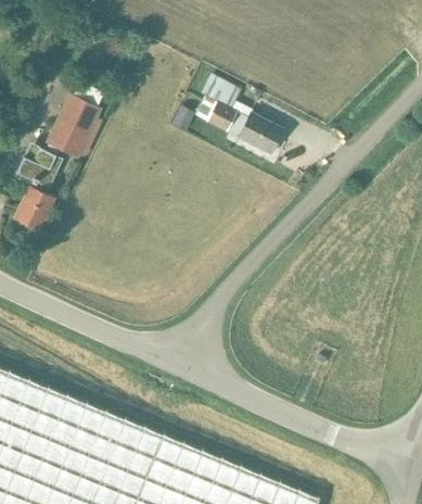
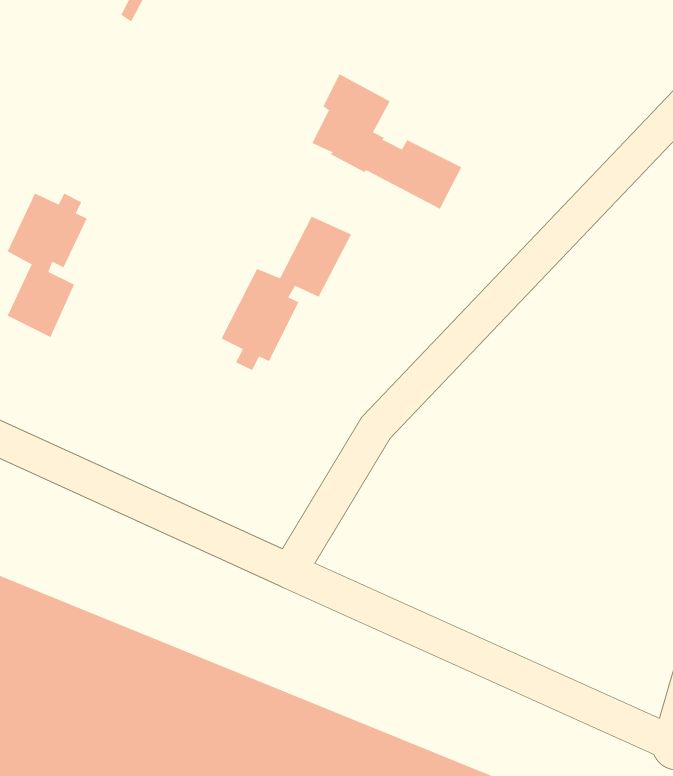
building: [44,96,101,161] -> none
building: none -> [221,216,352,371]

